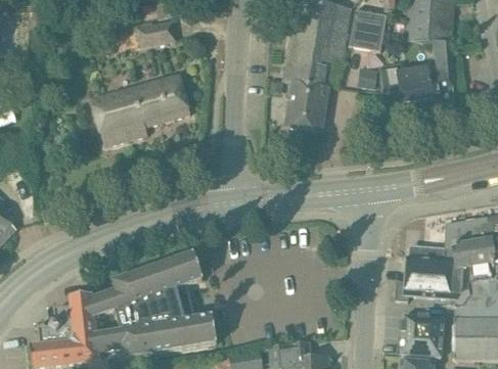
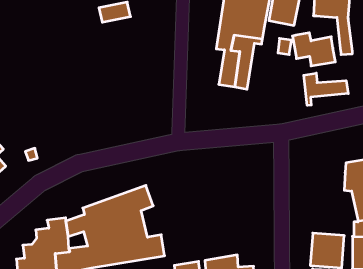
building: [90,76,189,147] -> none
building: none -> [304,73,348,105]
building: [395,257,461,302] -> none

